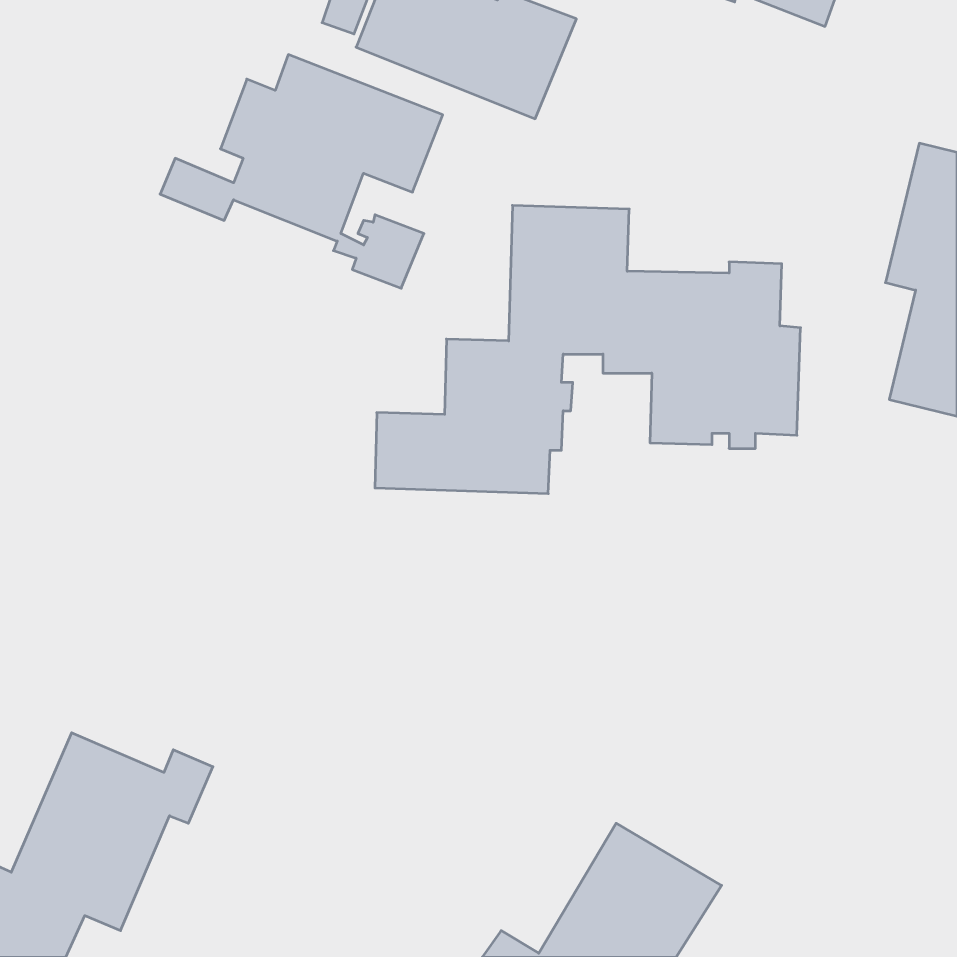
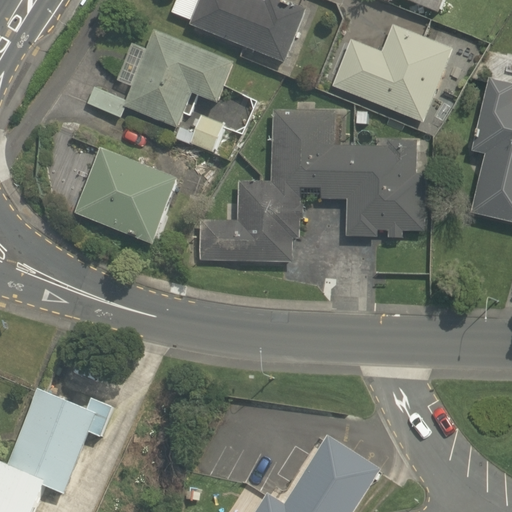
building: none -> [331,24,451,122]
building: none -> [75,148,181,244]

